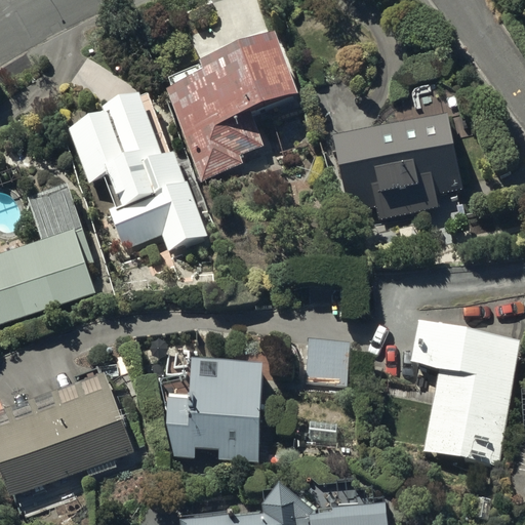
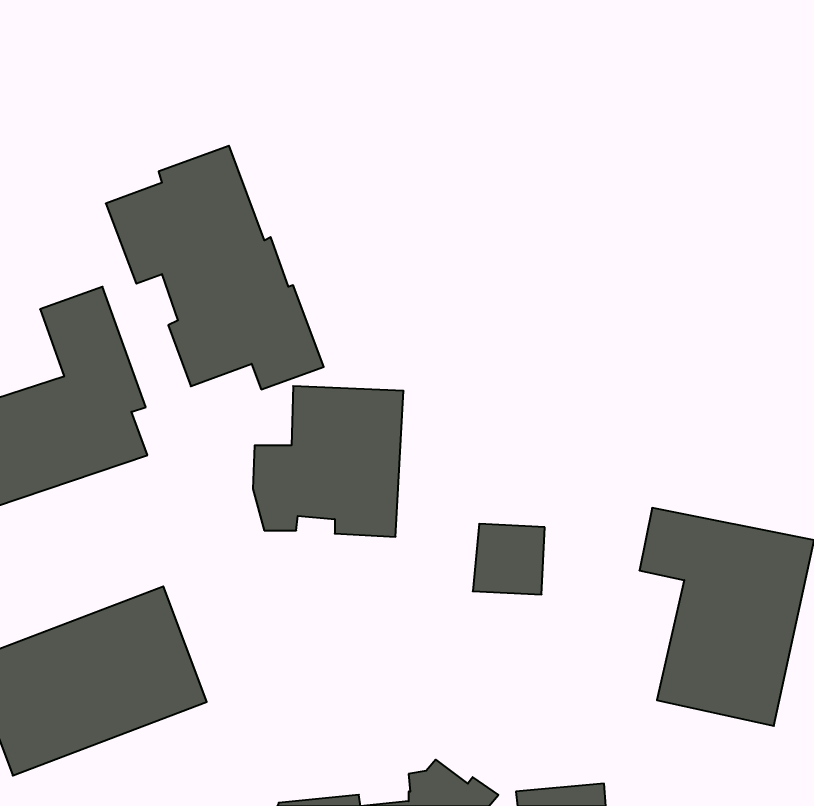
building: [165,37,298,177] -> none
building: [332,114,462,216] -> none
building: [165,363,261,459] -> [253,386,404,537]

